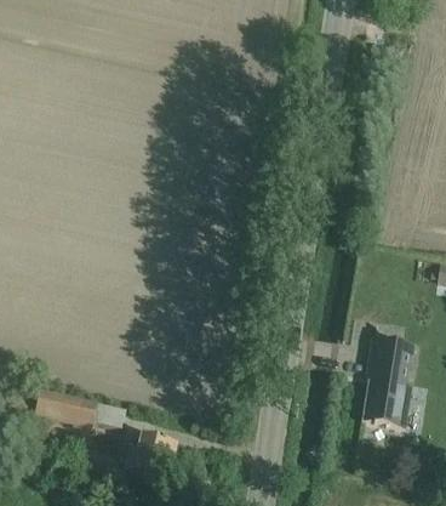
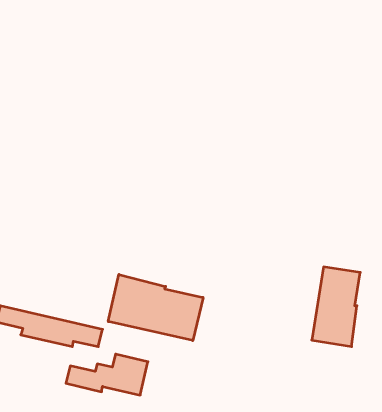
building: none -> [108,274,203,341]

